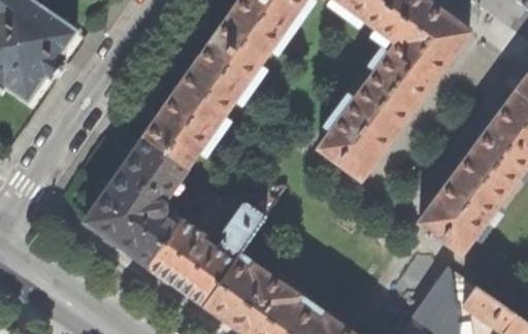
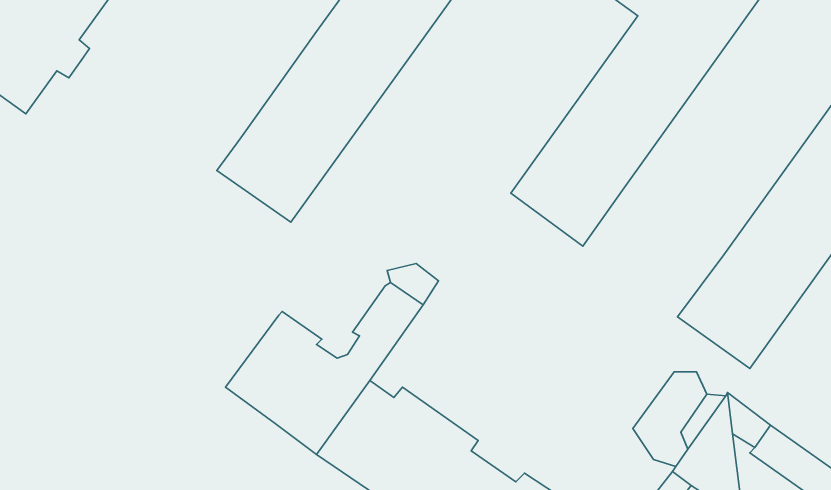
building: [86,134,189,264] -> none

